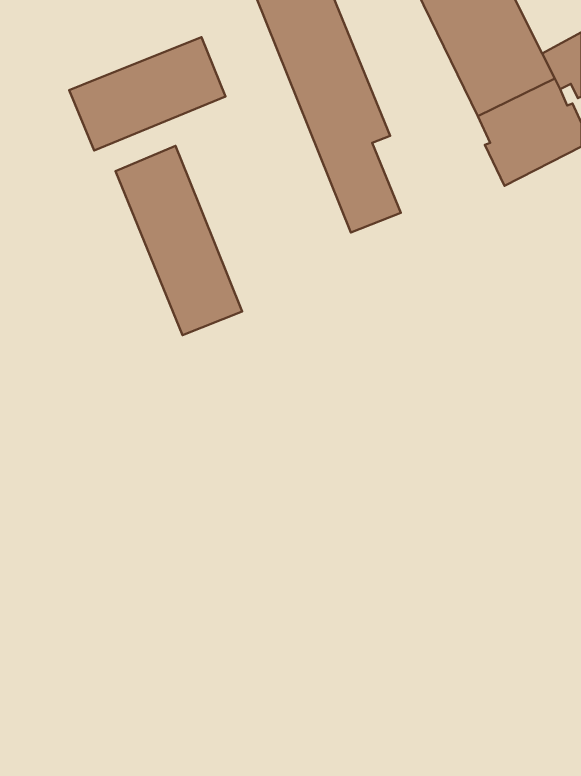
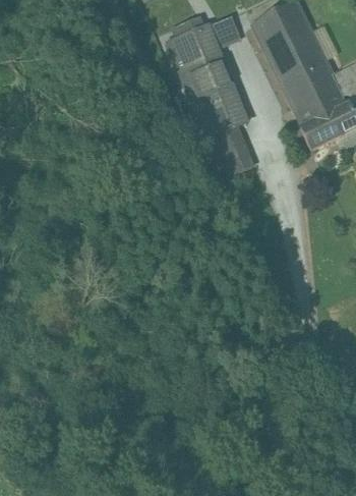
building: [69,37,225,151] -> none
building: [115,146,242,335] -> none

